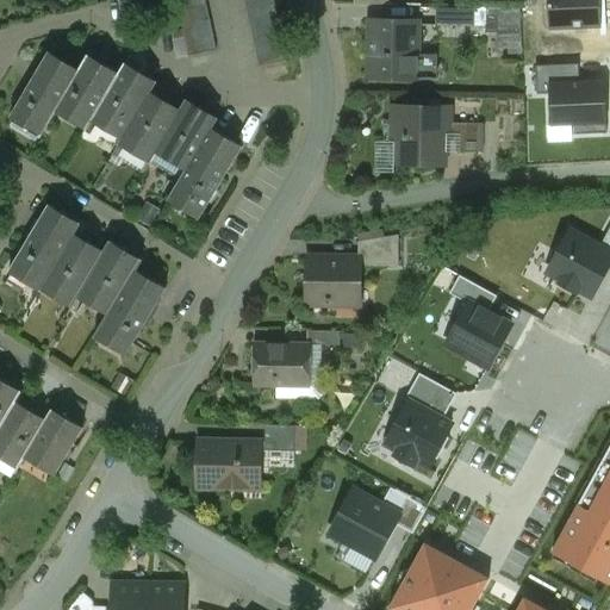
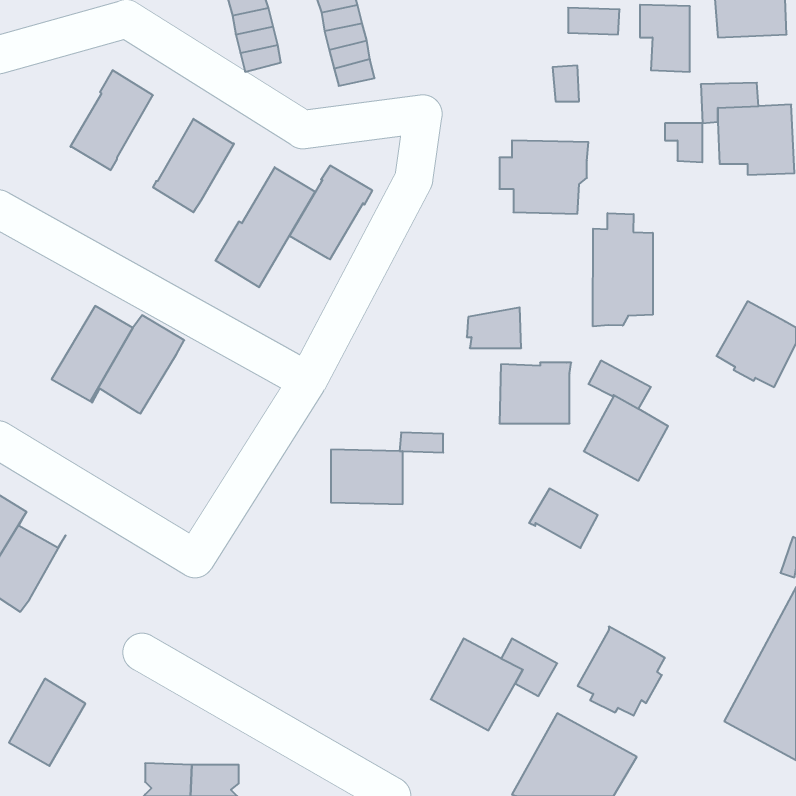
building: [368,20,416,77] -> none
building: [8,51,77,138] -> none
building: [89,62,155,138] -> none
building: [154,99,217,170] -> [290,166,372,259]
building: [448,123,477,152] -> [665,123,702,162]
building: none -> [593,213,653,326]
building: [7,204,79,291] -> none
building: [305,257,360,304] -> [499,363,571,423]
building: [92,270,164,355] -> none
building: [385,399,452,467] -> [578,627,665,716]
building: [23,409,81,475] -> [9,679,85,766]
building: [262,424,294,450] -> none
building: [201,441,257,487] -> none

